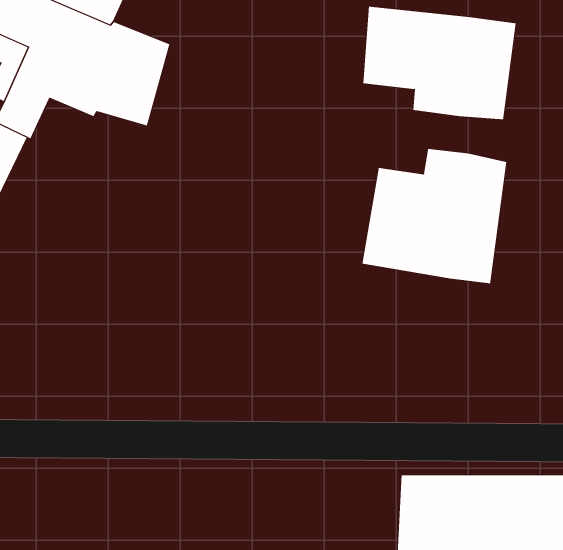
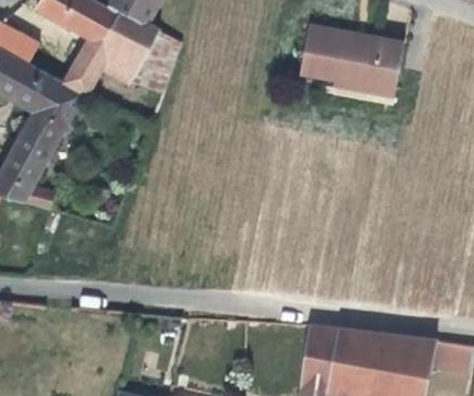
building: [362,148,507,284] -> none

